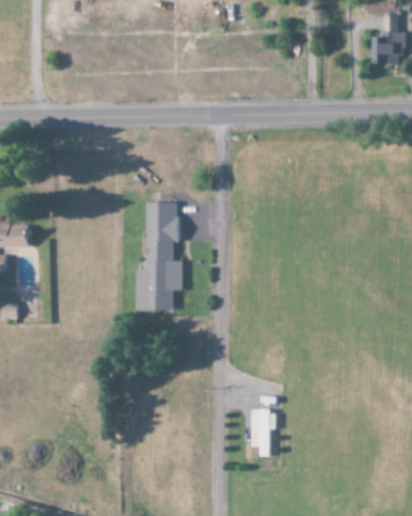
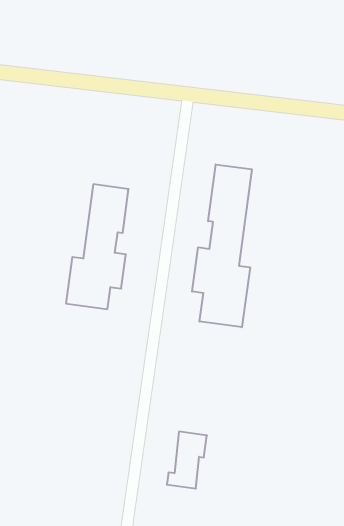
building: none -> [192,164,252,327]

